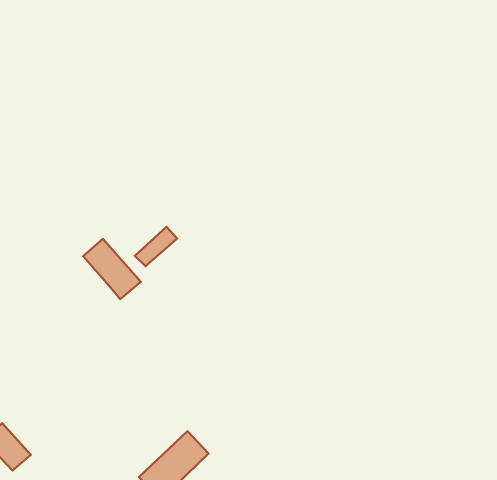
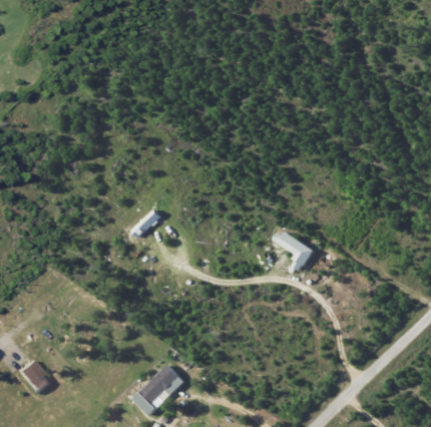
building: [83,239,141,299] -> none
building: none -> [274,229,314,274]

